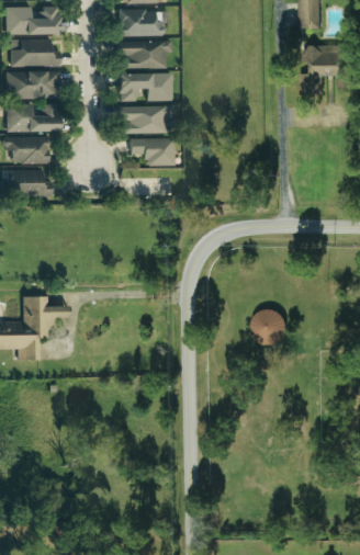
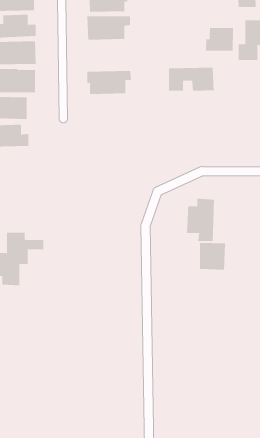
building: none -> [206,27,233,52]
building: [119,72,173,101] -> [168,67,214,91]
building: [131,137,175,166] -> none
building: none -> [186,198,215,242]

